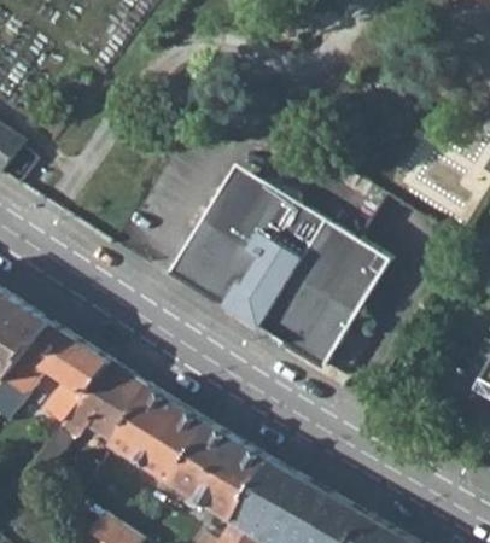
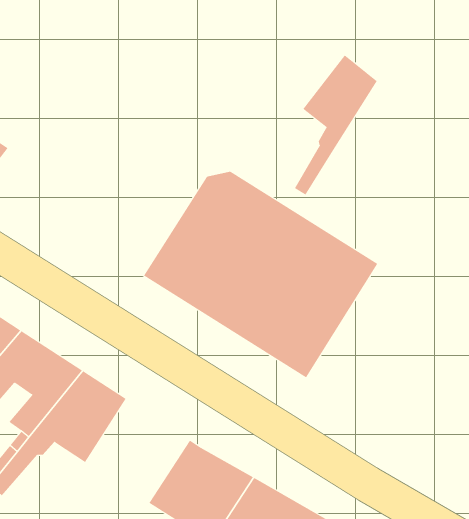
building: none -> [294,55,377,196]
building: [113,386,211,484] -> none

